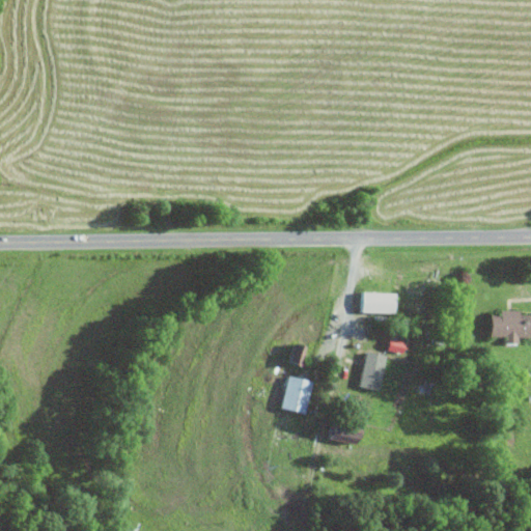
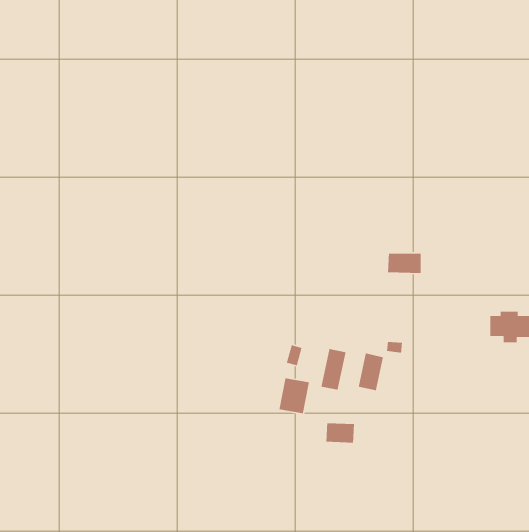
building: [361,292,395,313] -> [387,253,422,274]
building: none -> [321,348,347,391]

